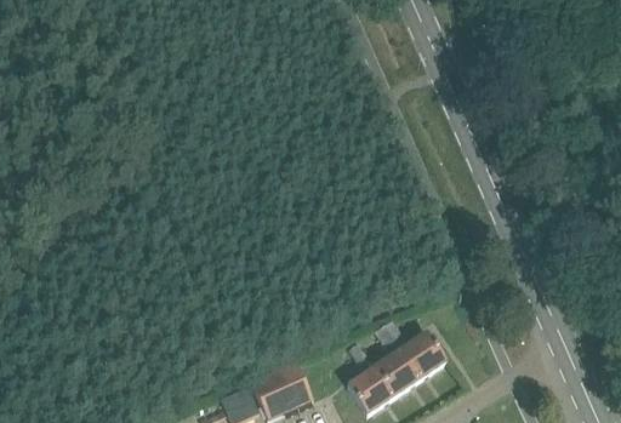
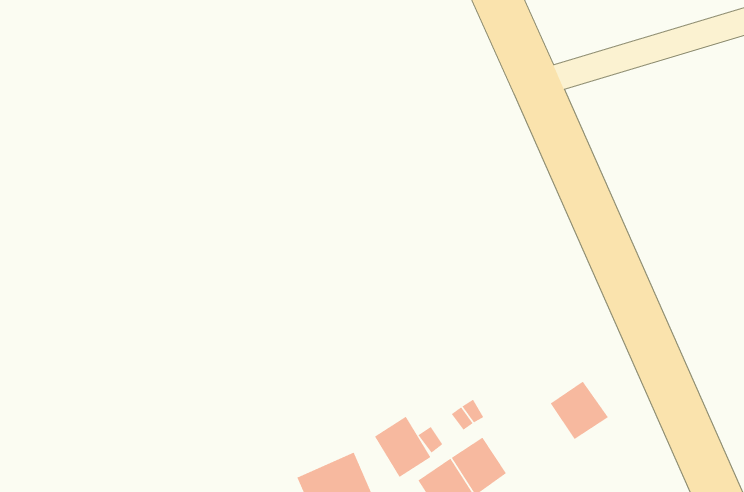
building: [399,332,446,379] -> [550,381,609,440]
building: none -> [374,416,431,478]

